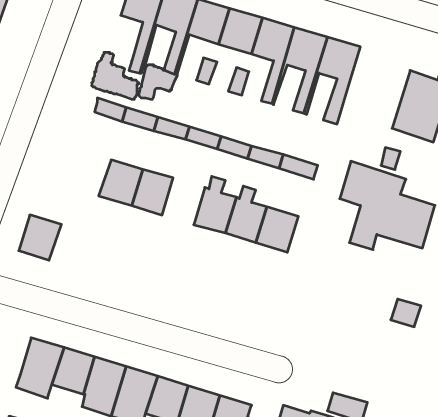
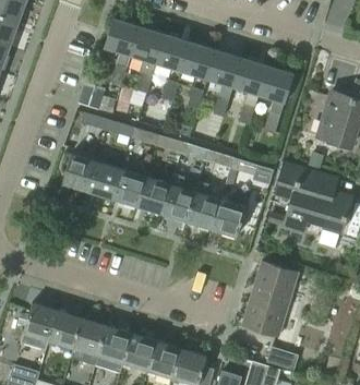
building: none -> [135,176,169,213]
building: [19,215,61,260] -> [61,154,95,190]
building: none -> [242,261,298,335]

